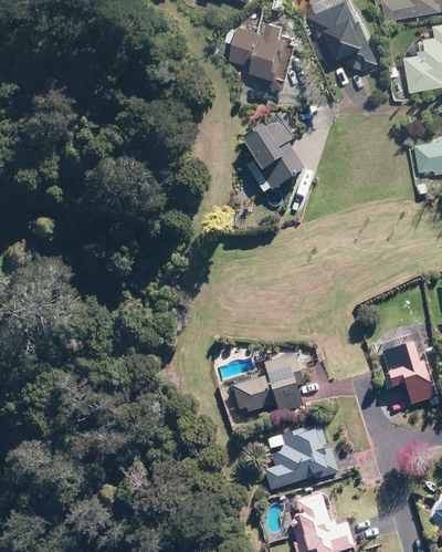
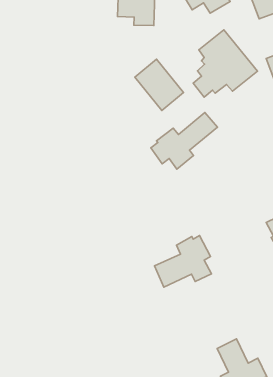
building: none -> [193,30,257,97]
building: none -> [151,113,218,169]
building: [265,426,337,489] -> none

